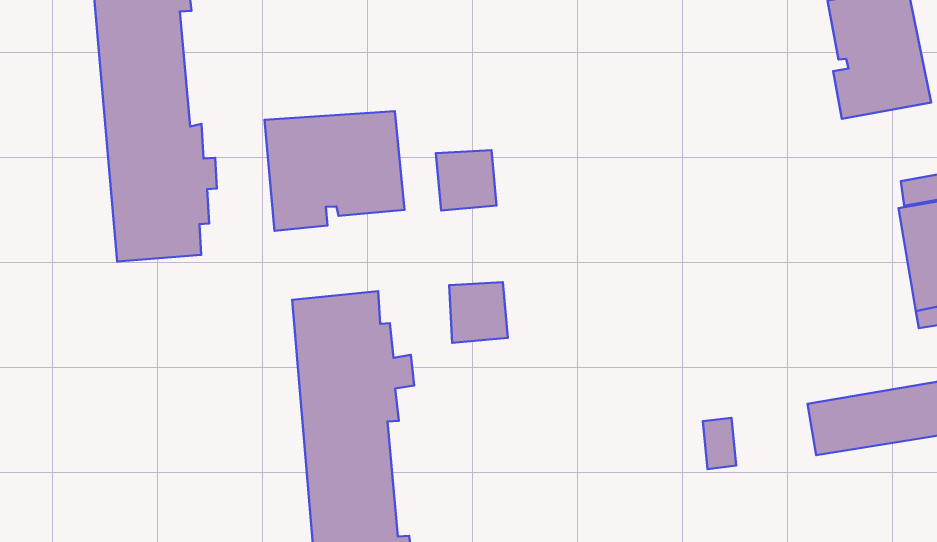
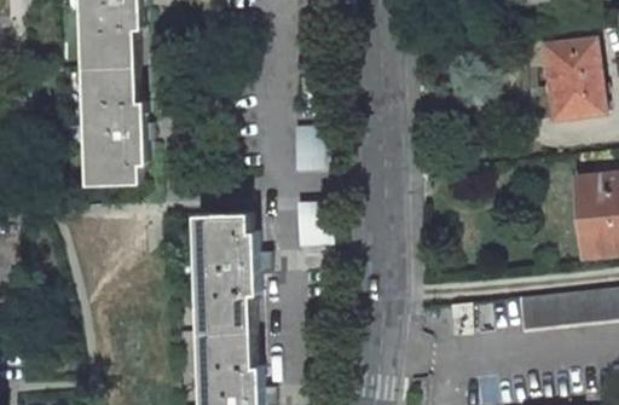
building: [265,111,404,231] -> none

